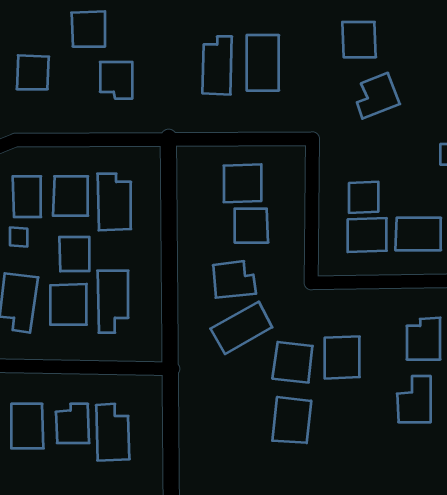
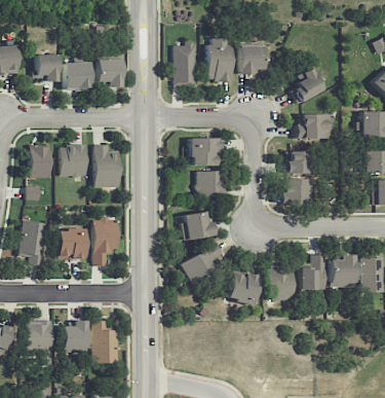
building: [71,11,105,46] -> [62,62,87,88]
building: [342,22,376,57] -> [239,45,265,72]
building: [395,218,441,250] -> [297,113,332,138]
building: [59,237,89,271] -> none
building: [397,376,431,422] -> [299,254,324,289]
building: [272,397,311,443] -> none

